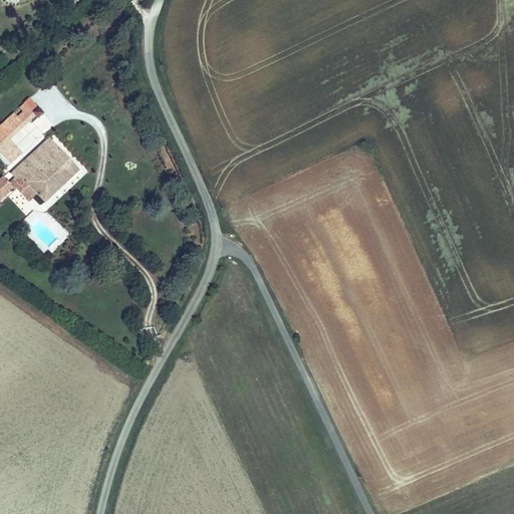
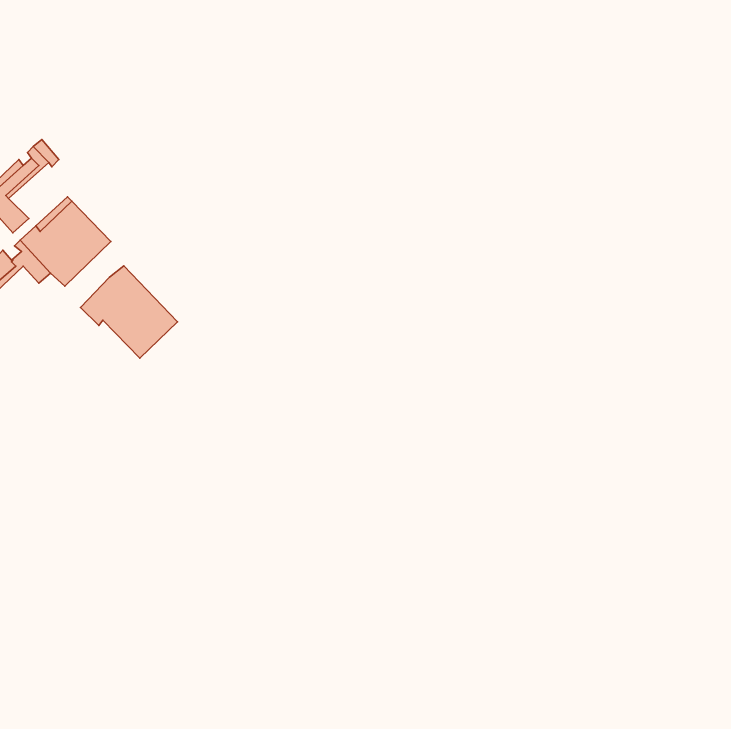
building: none -> [80,266,178,358]

